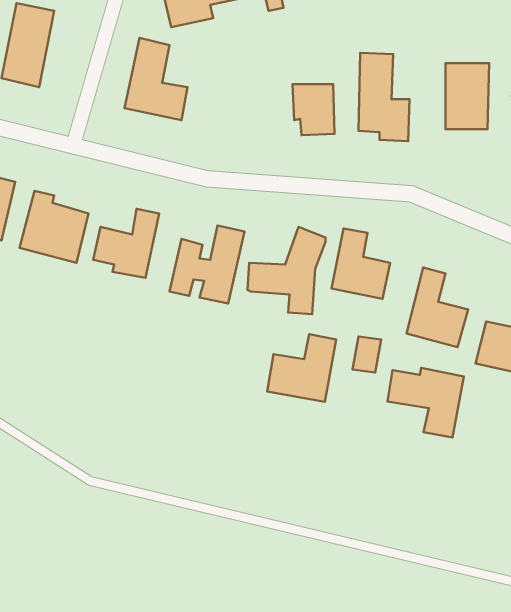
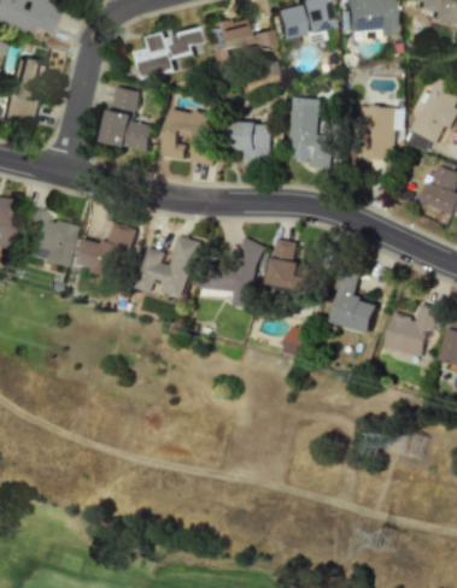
building: none -> [163,108,218,165]
building: [267,334,336,402] -> none
building: [388,368,464,438] -> none

